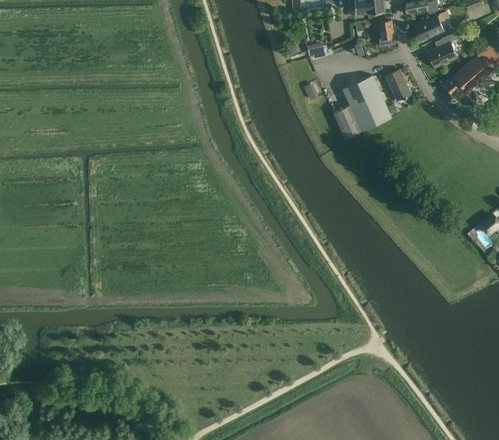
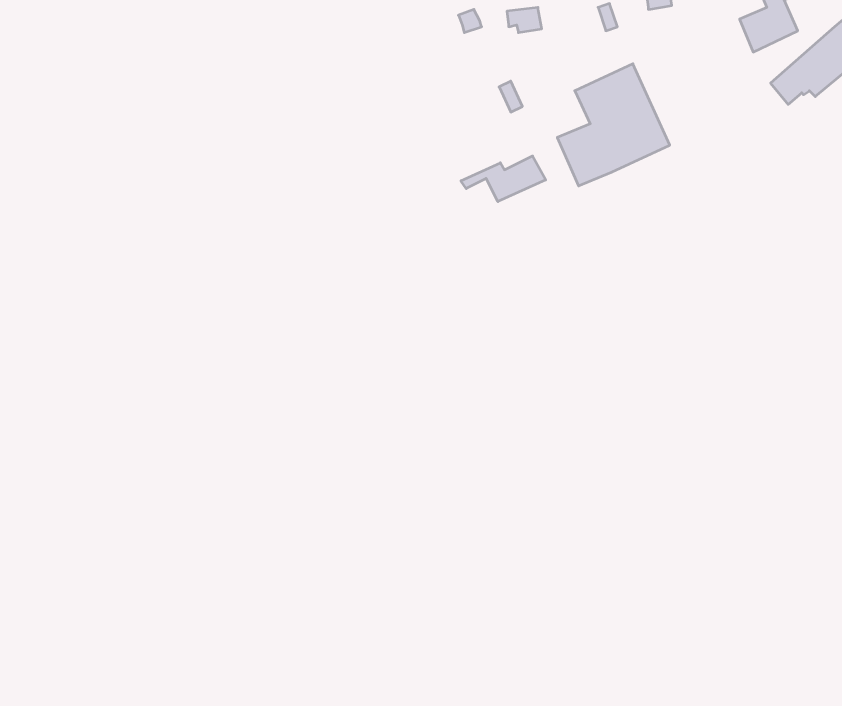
building: [386,69,411,100] -> none
building: none -> [461,156,546,202]

